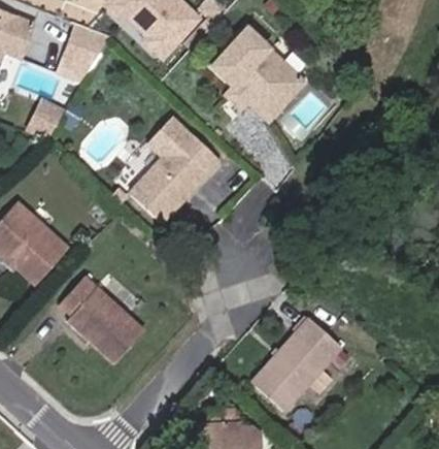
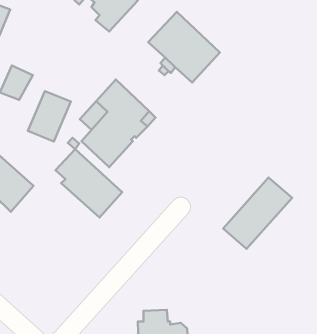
building: [55,21,109,85] -> [28,91,71,141]
building: [59,278,143,364] -> [56,149,122,217]
building: [251,319,339,410] -> [223,177,292,249]

